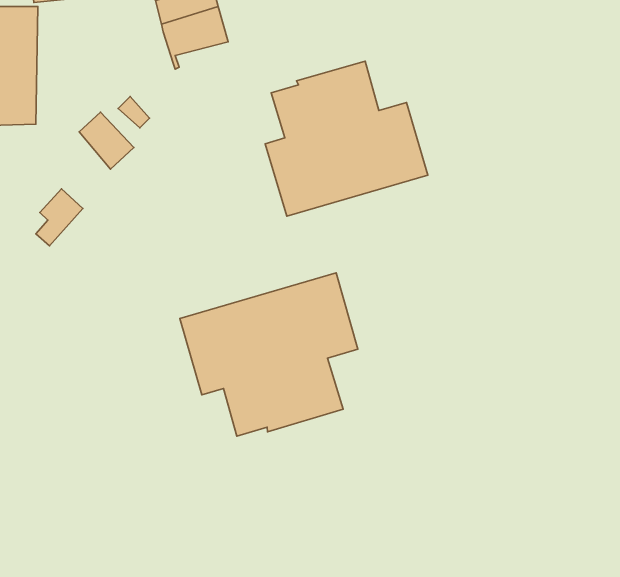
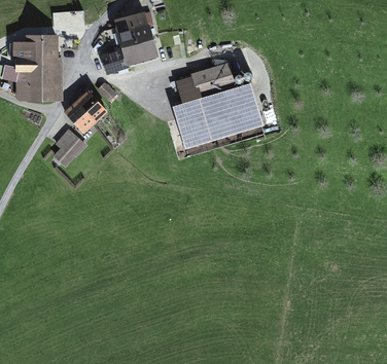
building: none -> [102,48,128,72]
building: none -> [66,101,95,131]
building: [180,273,358,436] -> none

